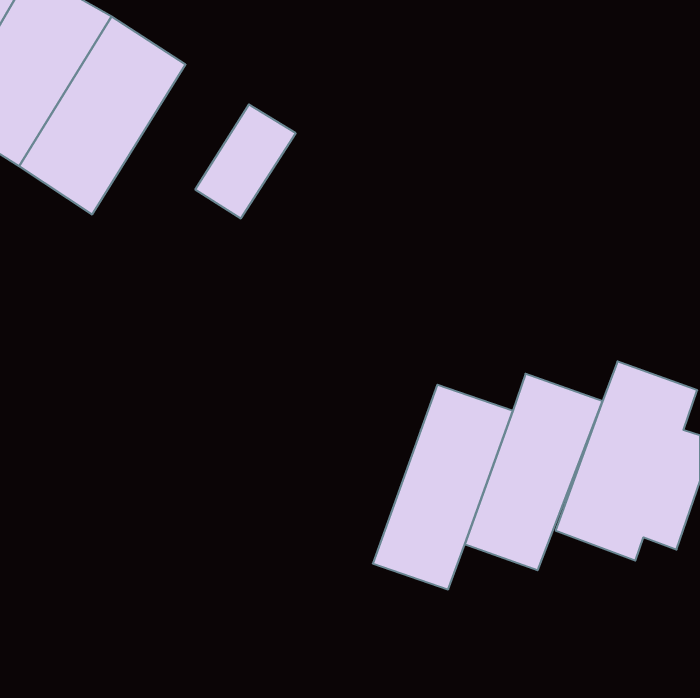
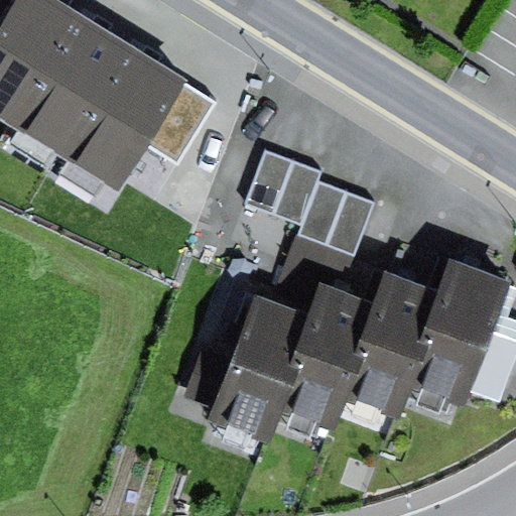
building: none -> [68,47,182,185]
building: none -> [245,150,376,258]
building: none -> [180,296,308,442]

